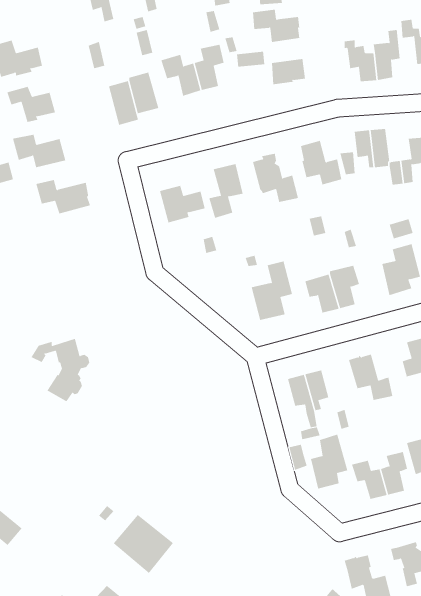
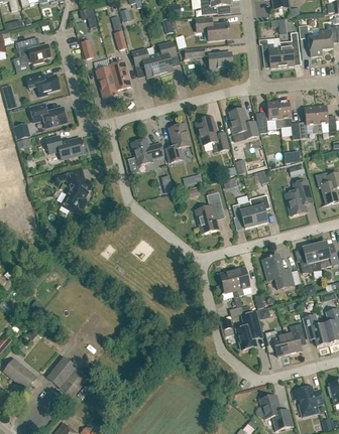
building: [31,338,90,402] -> [49,168,91,212]
building: [113,514,174,574] -> [46,356,89,398]

